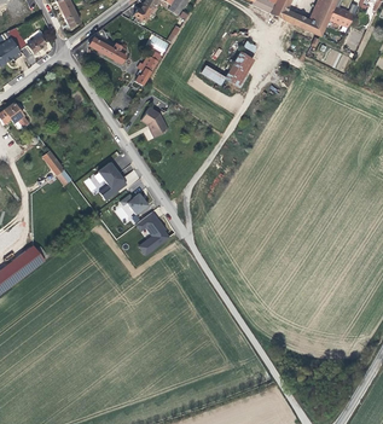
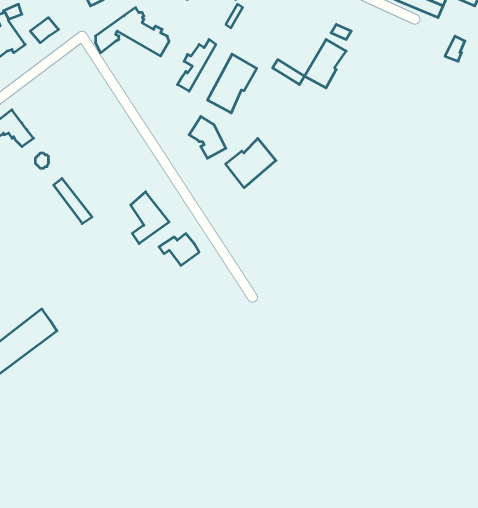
building: none -> [208,54,257,113]
building: none -> [226,138,276,188]
building: [135,210,172,255] -> none

